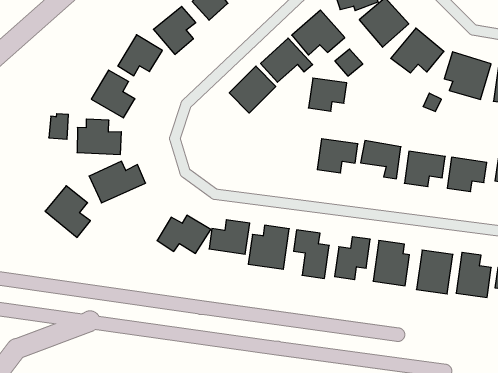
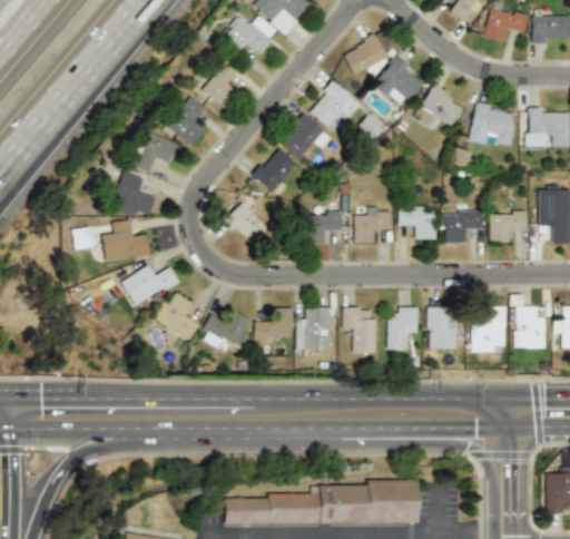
building: [308,78,347,111] -> [306,212,342,243]
building: none -> [226,202,268,243]
building: [45,186,90,237] -> [154,291,202,342]

